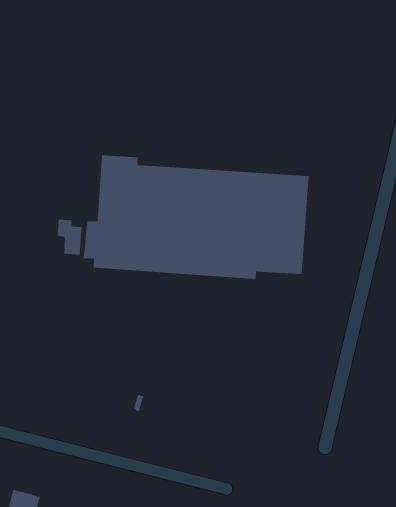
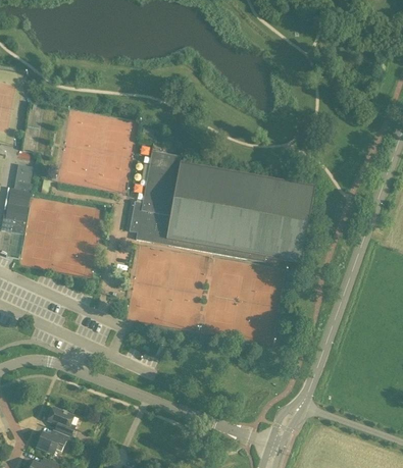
building: [57,219,82,255] -> none

